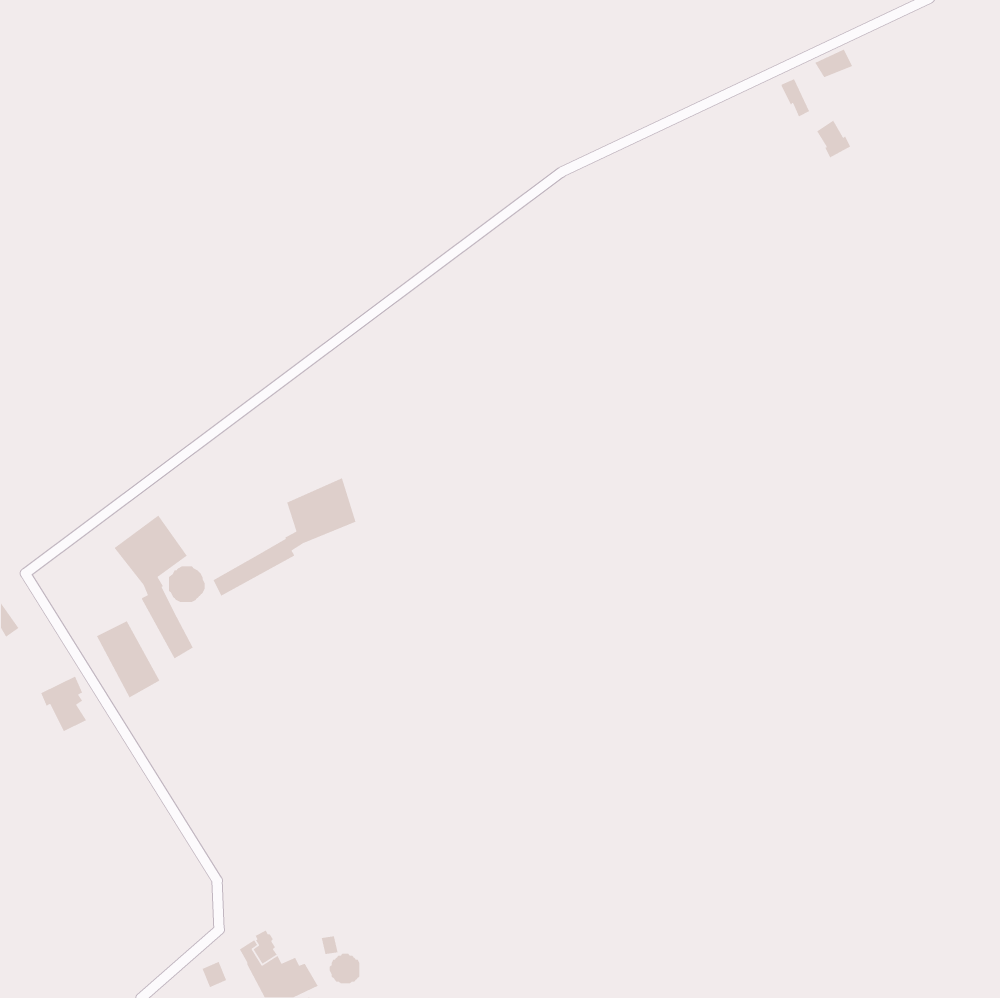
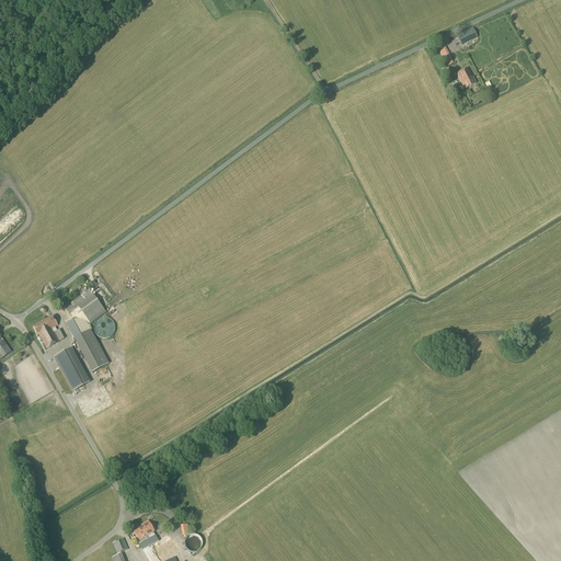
building: [213,477,357,597] -> none
building: [40,675,87,732] -> [33,316,59,347]

